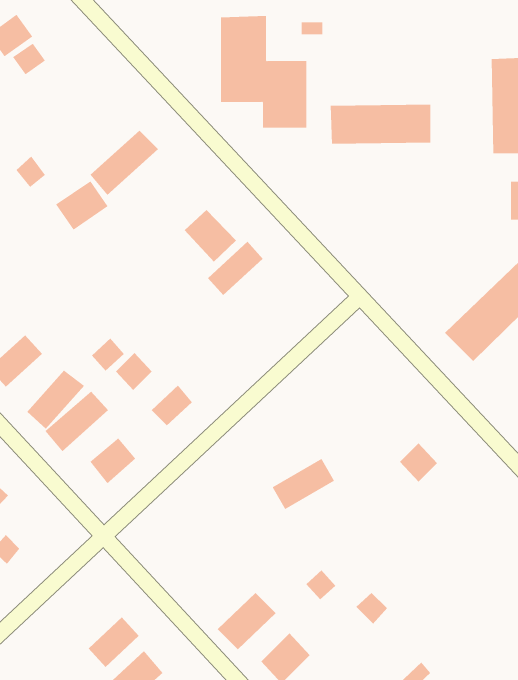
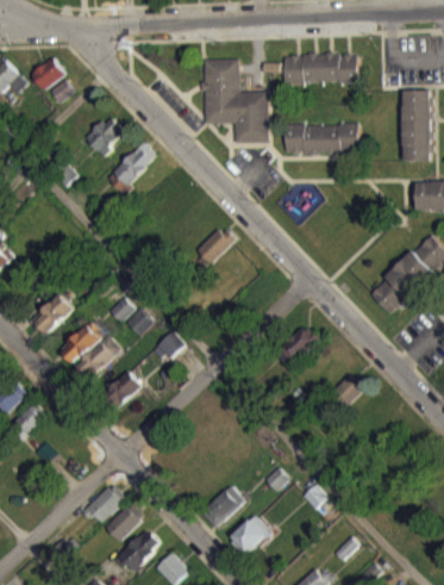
building: none -> [282,54,356,83]
building: [55,180,109,230] -> [85,117,124,154]
building: [184,209,237,263] -> none
building: [272,458,335,510] -> [275,326,321,365]
building: none -> [85,484,126,524]

